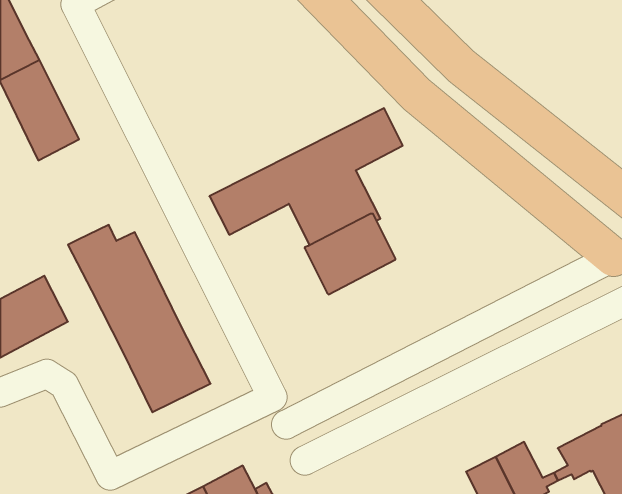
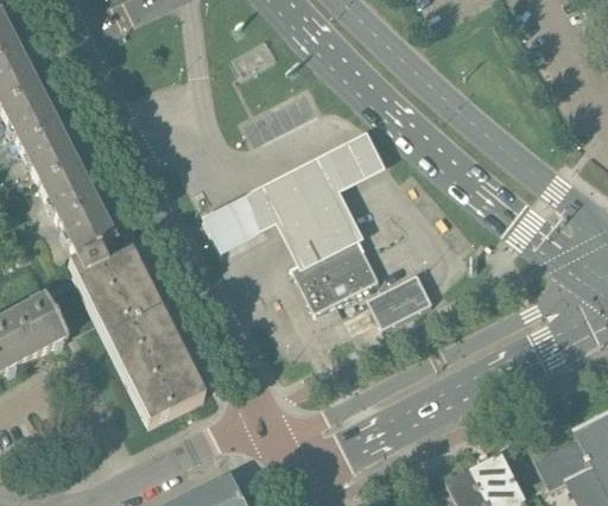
building: none -> [38,160,115,257]
building: none -> [368,270,433,324]

